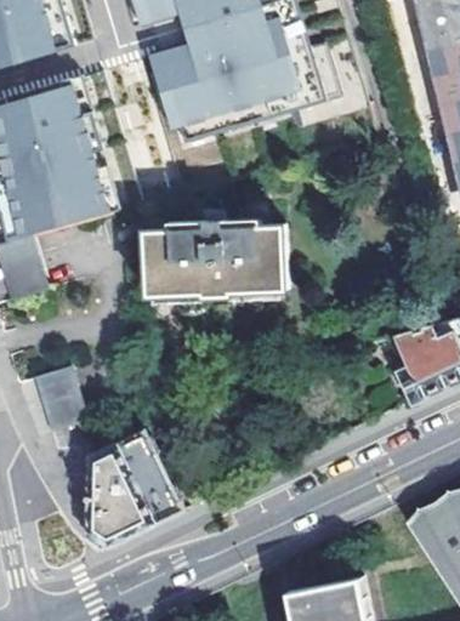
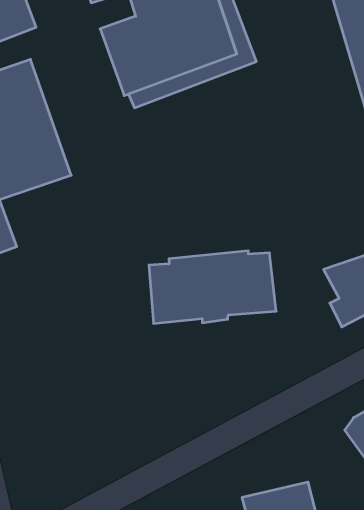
building: [144,218,286,297] -> [149,251,276,323]
building: [33,368,84,431] -> none
building: [86,429,183,547] -> none

